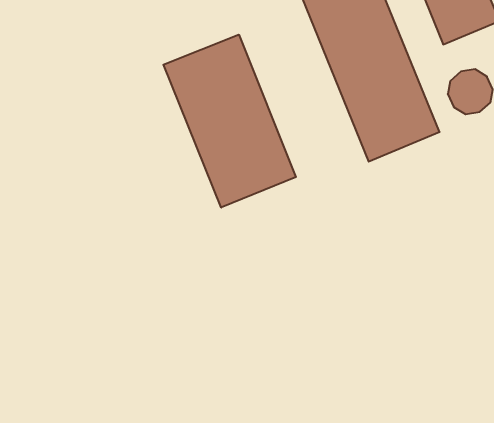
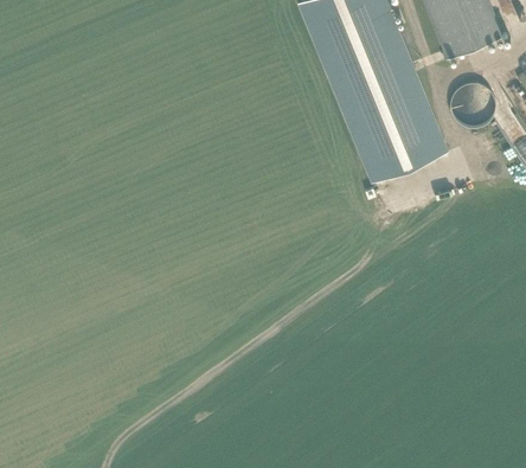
building: [163,35,296,208] -> none

